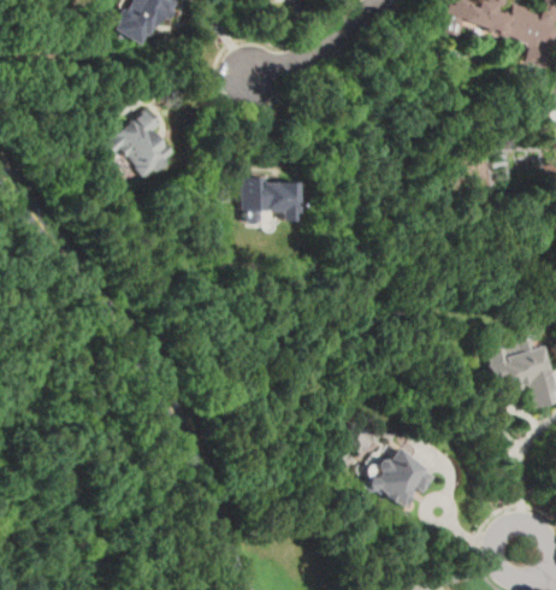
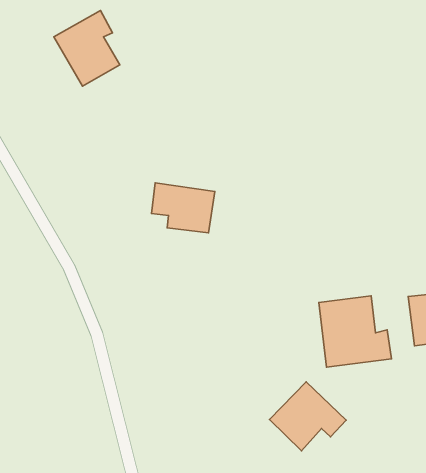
building: [243,177,302,219] -> [152,183,215,233]
building: none -> [319,296,392,367]

